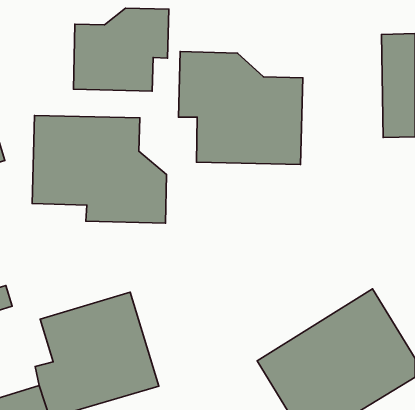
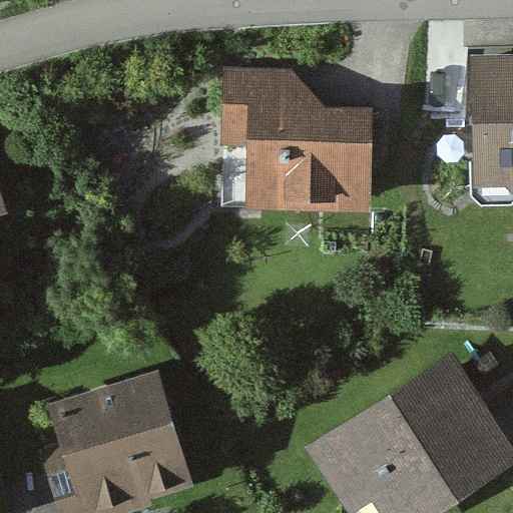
building: [74,8,169,91] -> none
building: [32,115,166,223] -> none

